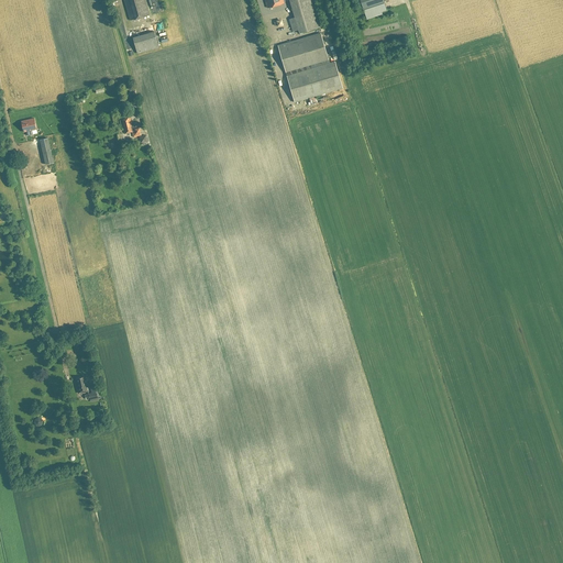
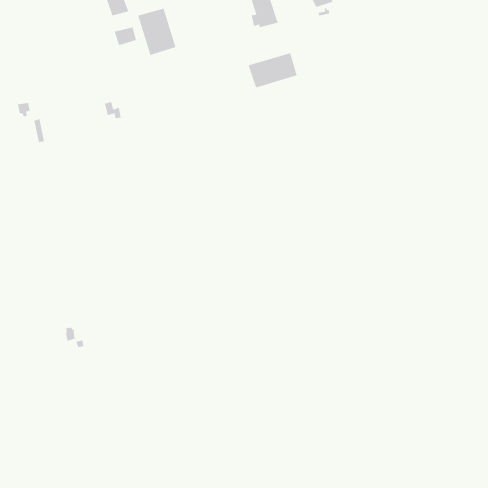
building: none -> [137,8,176,56]
building: [276,32,328,71] -> none

